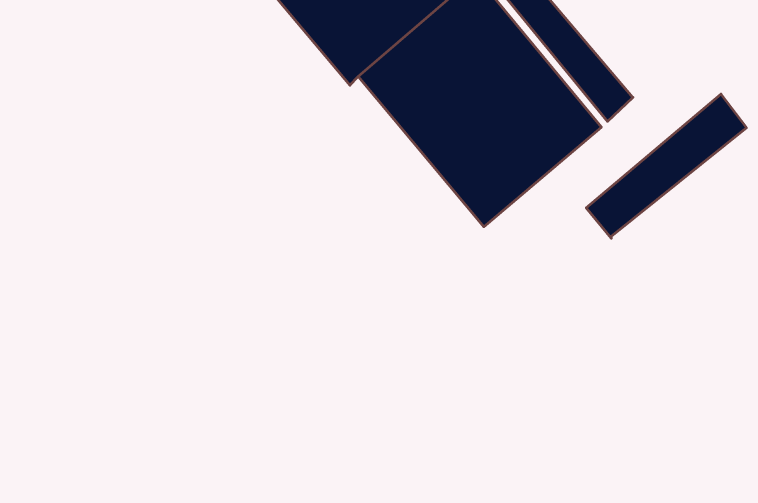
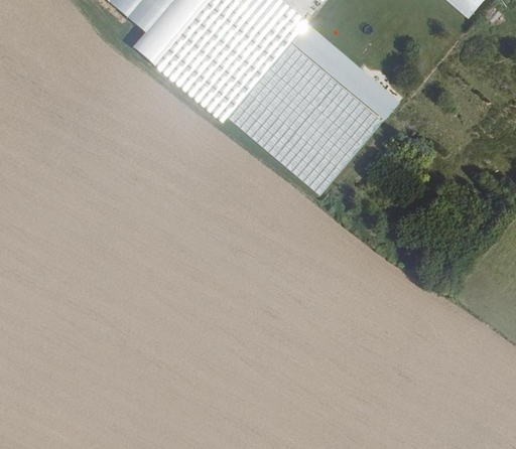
building: [586,94,746,238] -> none

